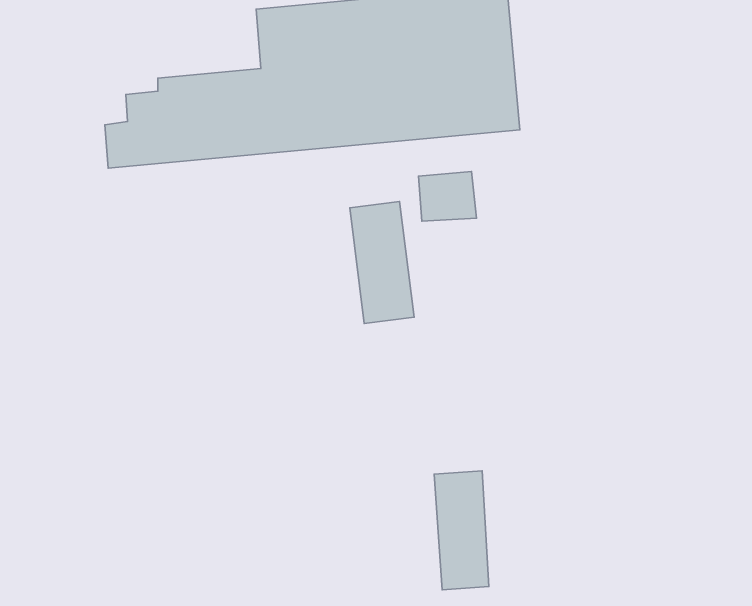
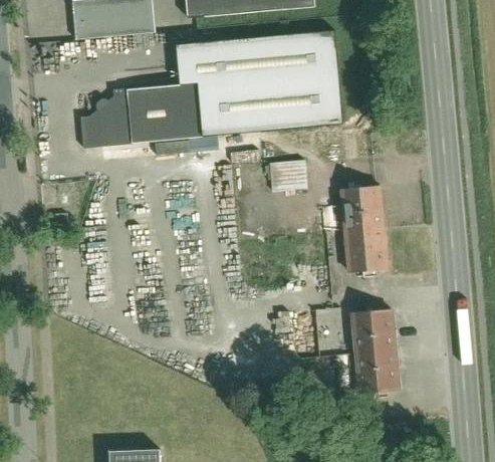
building: [350,202,414,324] -> [346,185,387,261]
building: [434,471,489,590] -> [357,311,392,386]

